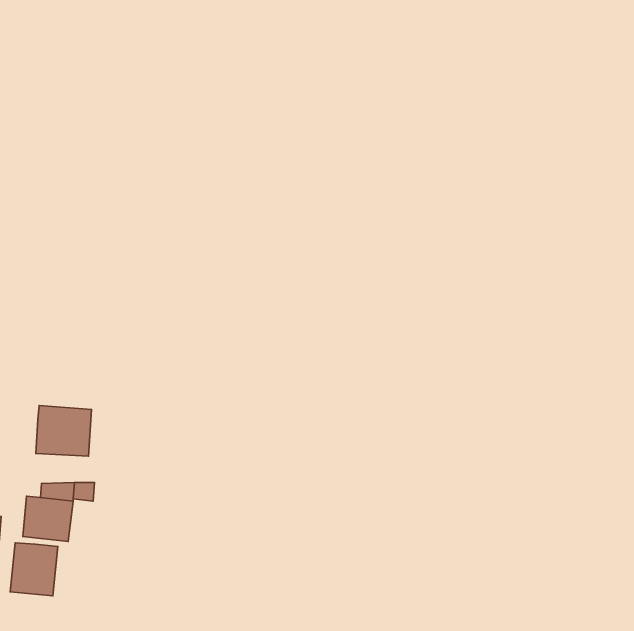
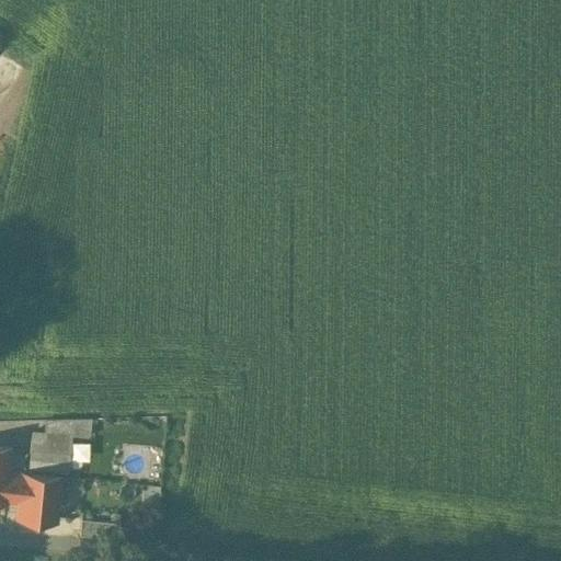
building: [36,405,92,456] -> none

